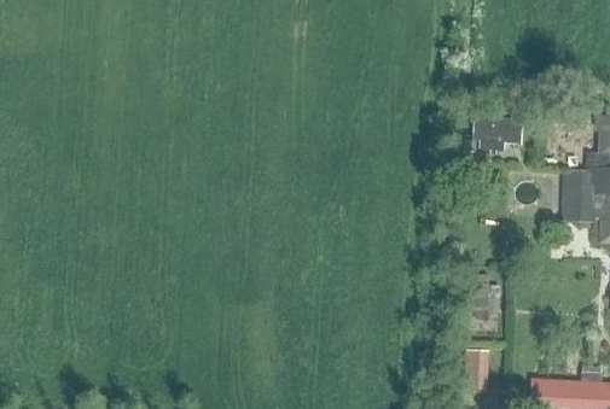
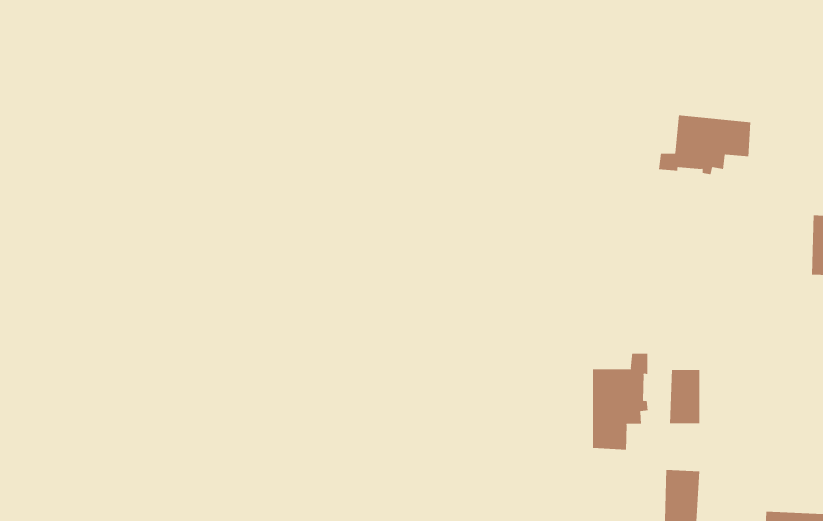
building: none -> [593,353,648,450]

